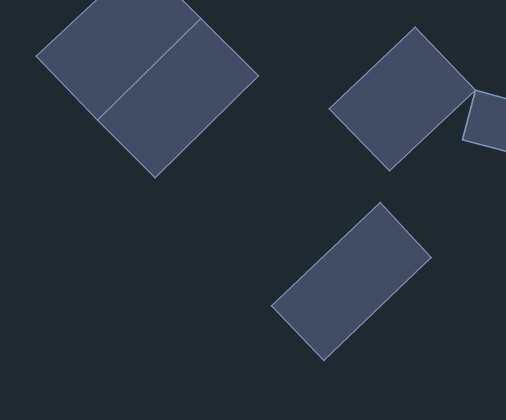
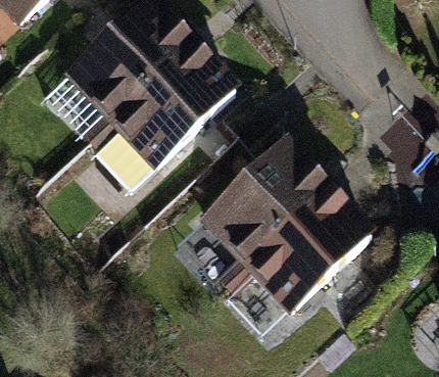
building: [329,27,476,171] -> none
building: none -> [198,139,329,268]

